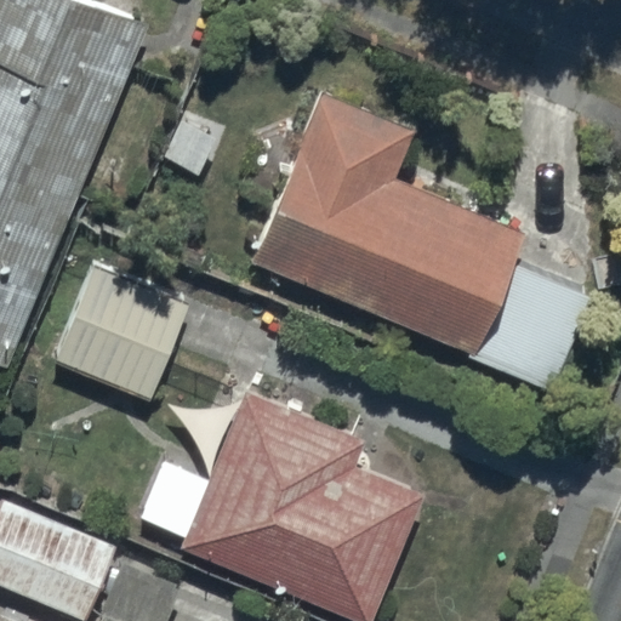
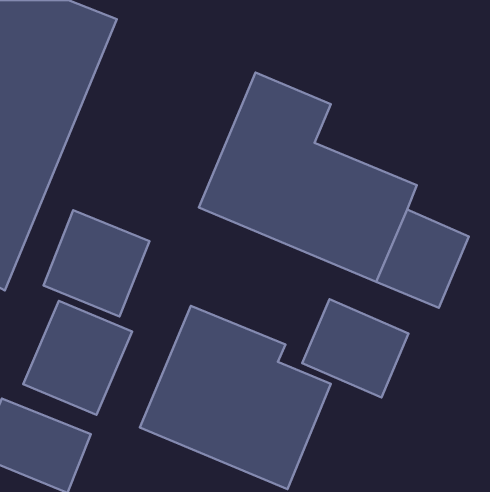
building: none -> [302,299,409,398]
building: none -> [23,301,132,415]

